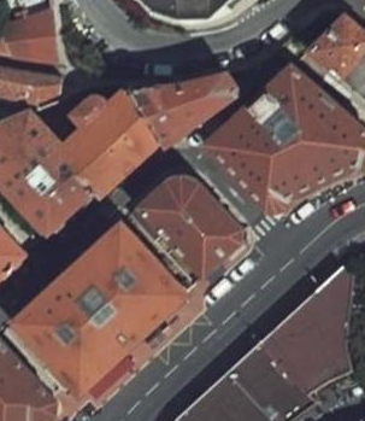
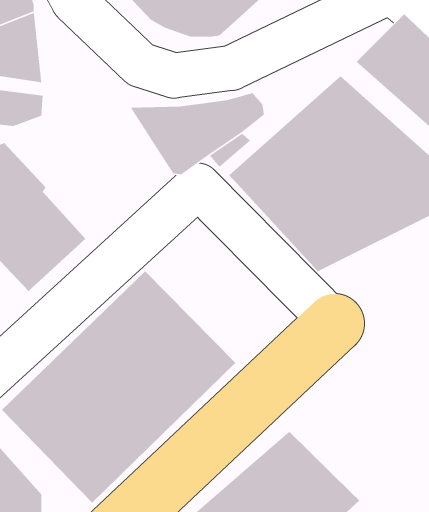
building: [57,89,159,197] -> none
building: [137,181,257,291] -> none
building: [252,270,349,394] -> none

